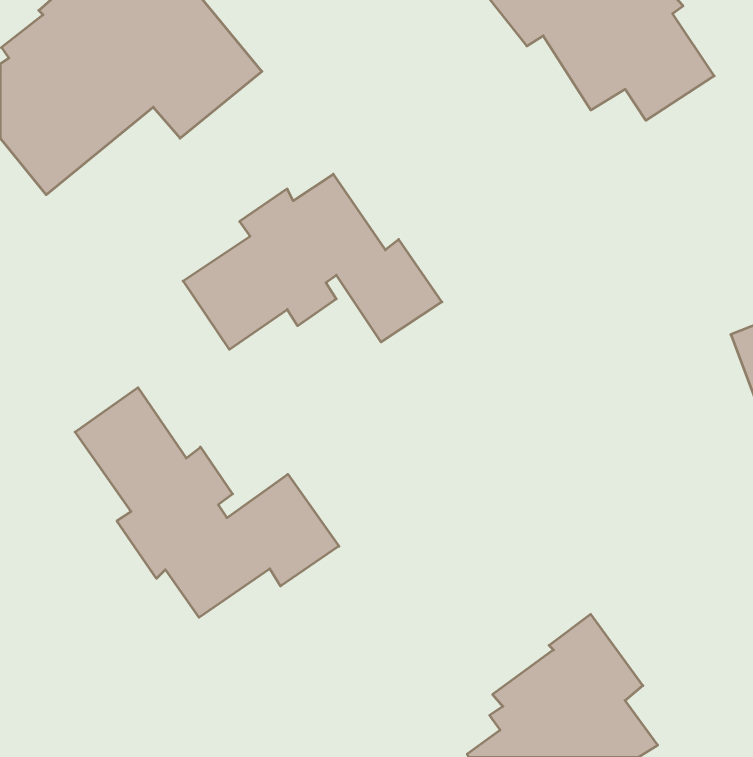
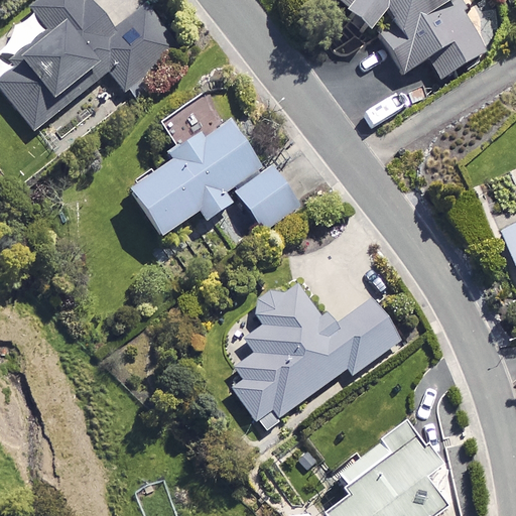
building: [75,388,339,617] -> none
building: none -> [234,281,403,429]

